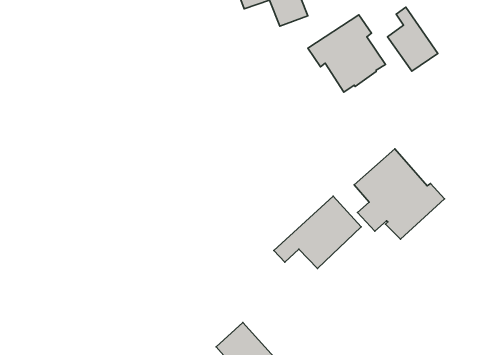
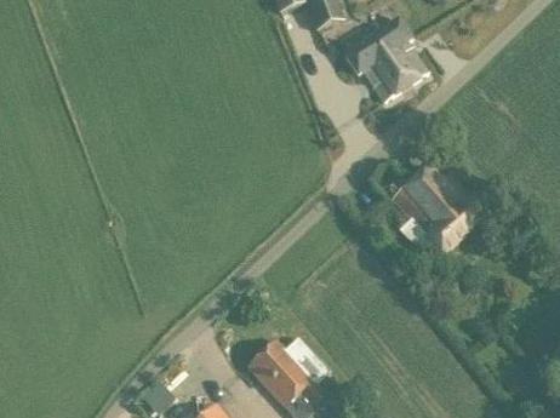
building: [387,7,438,71] -> none
building: [274,196,361,268] -> none

